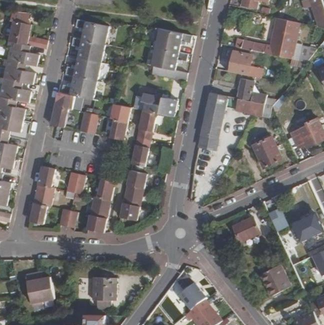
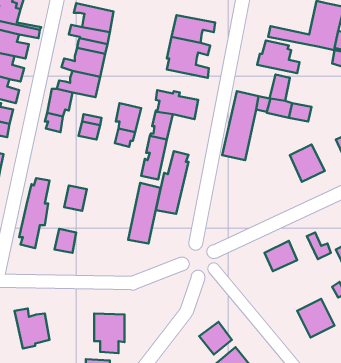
building: [85,176,112,228] -> [156,151,188,214]

